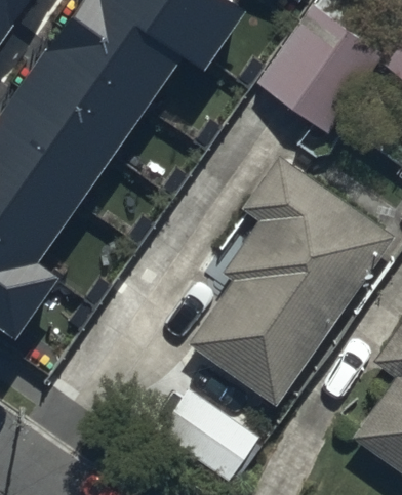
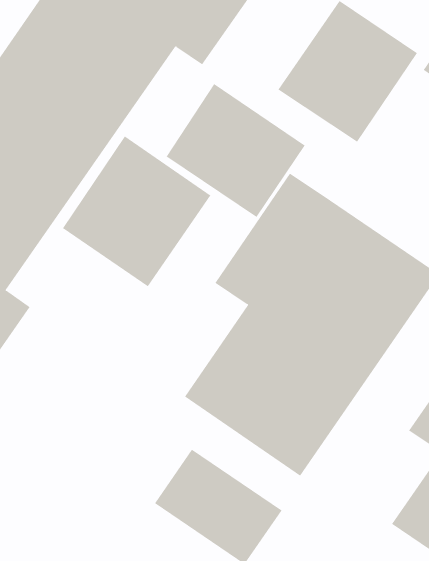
building: none -> [166,83,305,218]
building: none -> [62,135,211,287]

